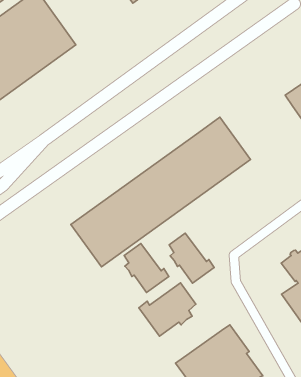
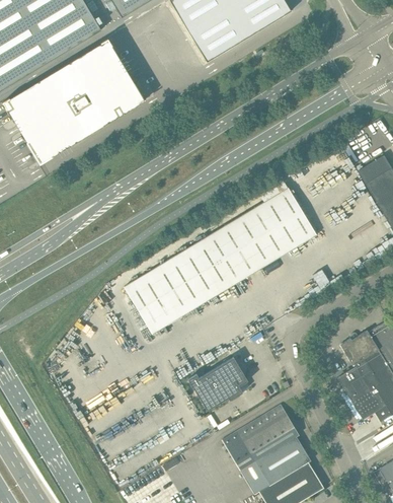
building: [169,233,214,283] -> none
building: [124,243,169,293] -> none

